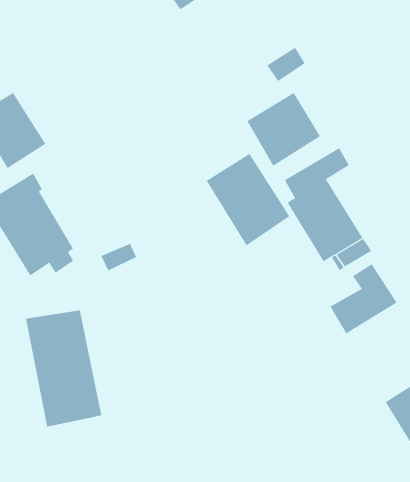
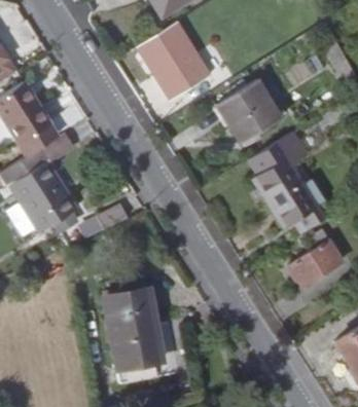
building: [206,153,290,246] -> [143,26,212,102]
building: [25,310,102,427] -> [100,292,163,387]

